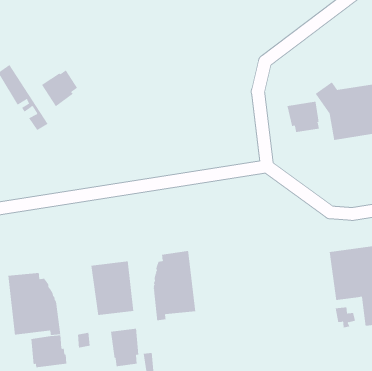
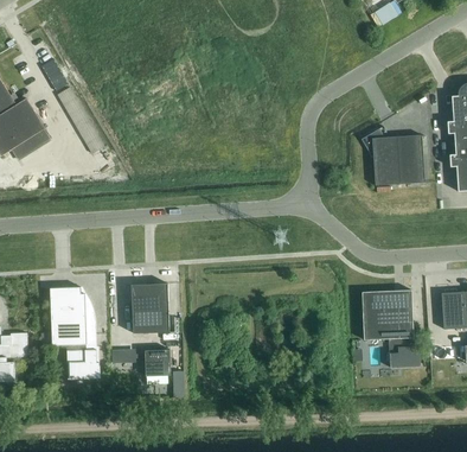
building: [41,69,78,107] -> none
building: [287,101,320,133] -> none
building: [153,250,196,321] -> none

